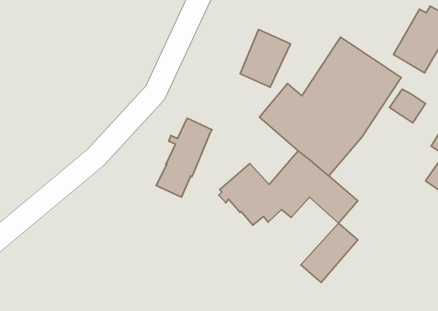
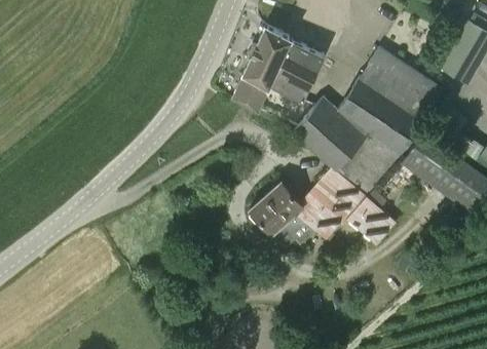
building: none -> [406,131,472,191]
building: [156,118,212,197] -> [231,26,291,110]
building: [301,223,358,283] -> none

